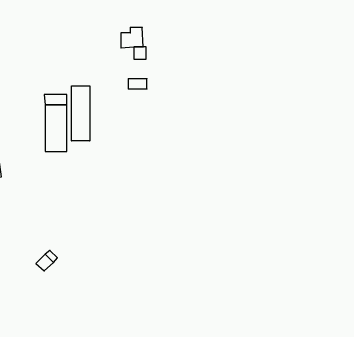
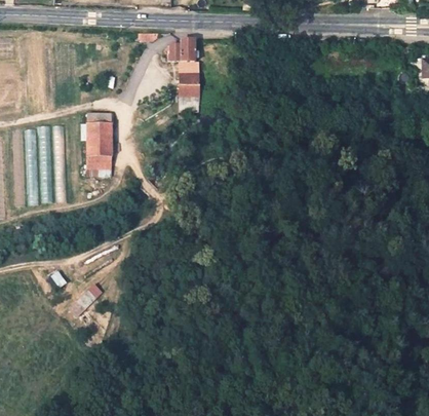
building: none -> [181,71,199,92]
building: [72,86,90,141] -> none

